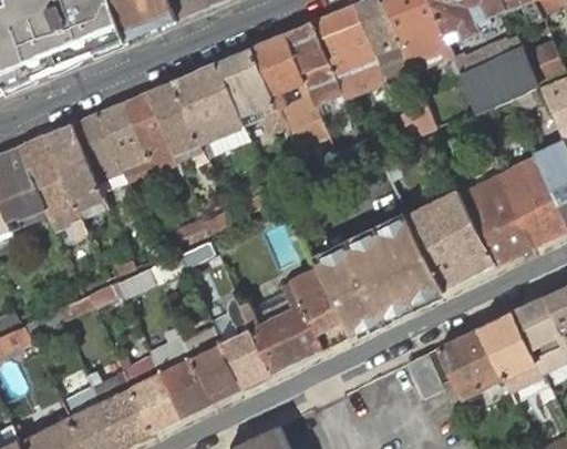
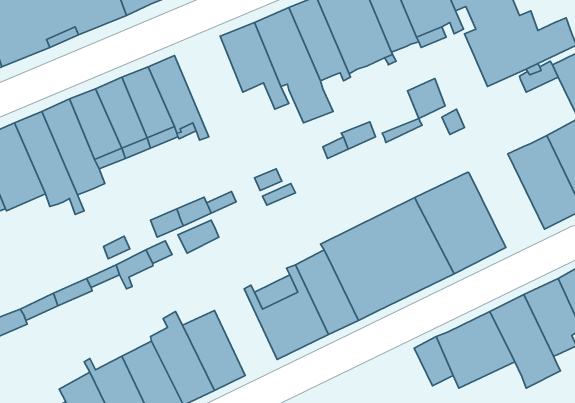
building: [174,60,245,157] -> none
building: [460,174,533,265] -> none
building: [213,295,274,389] -> none

